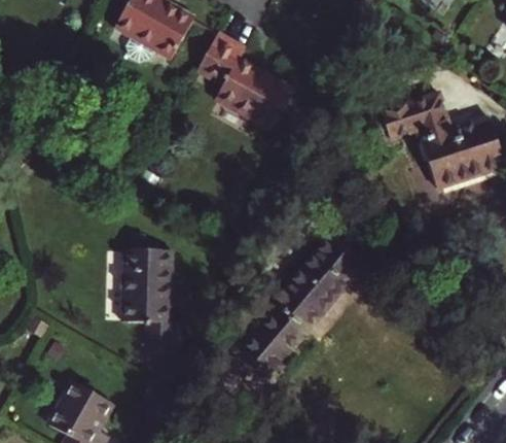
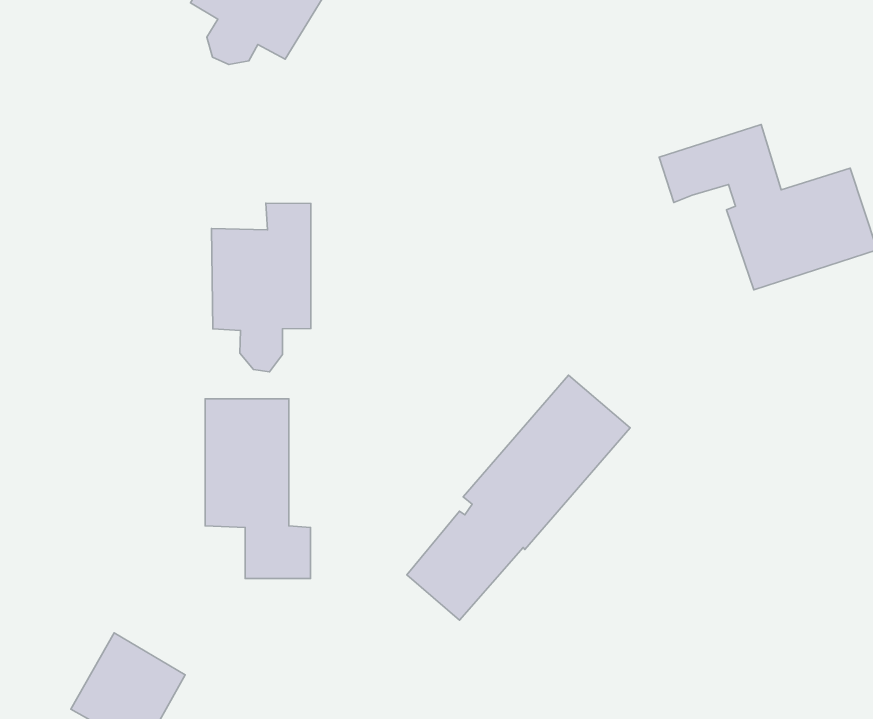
building: [195,31,293,130] -> none
building: none -> [212,203,311,372]

